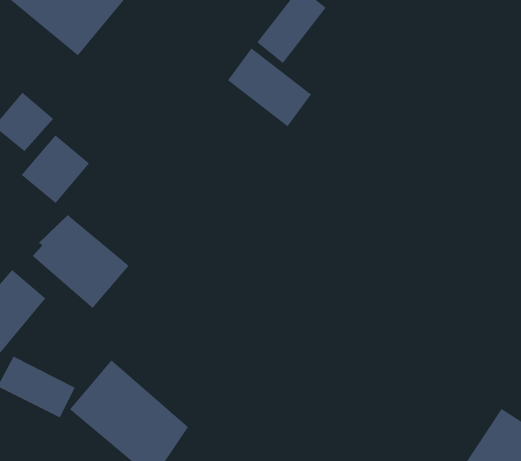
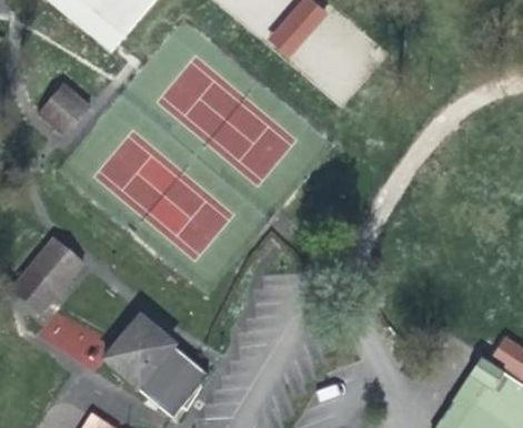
building: [227,48,312,127] -> none
building: [21,135,90,204] -> none
building: [32,214,130,309] -> none

